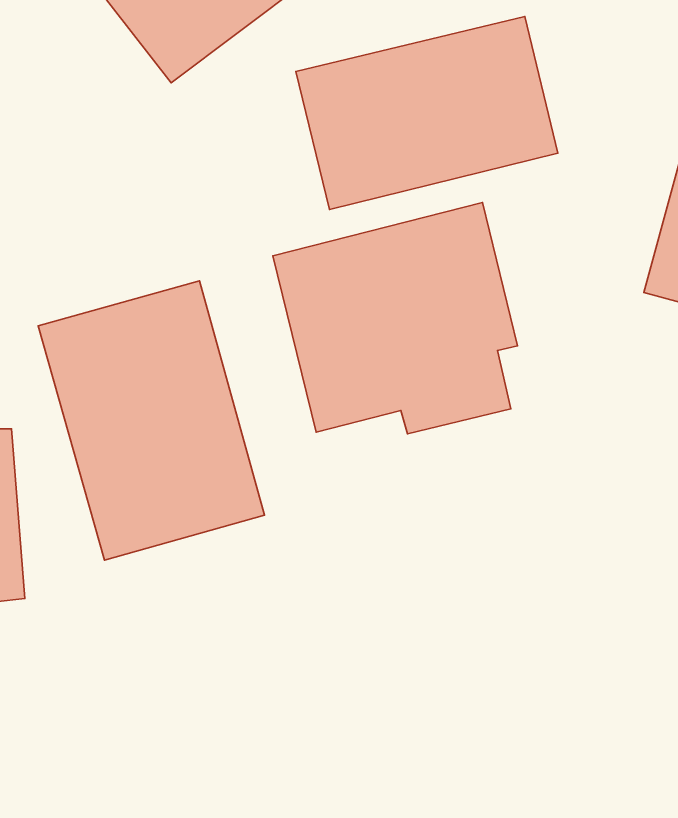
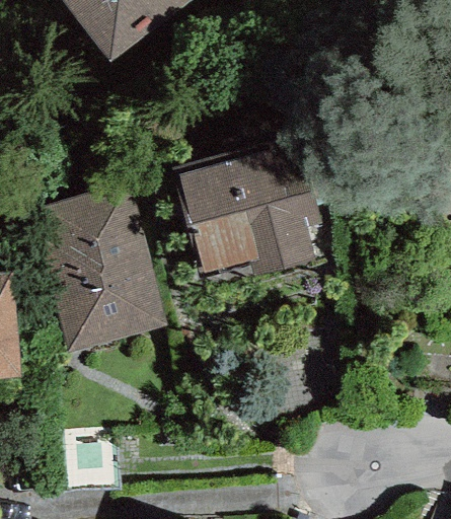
building: [296,16,558,209] -> none

